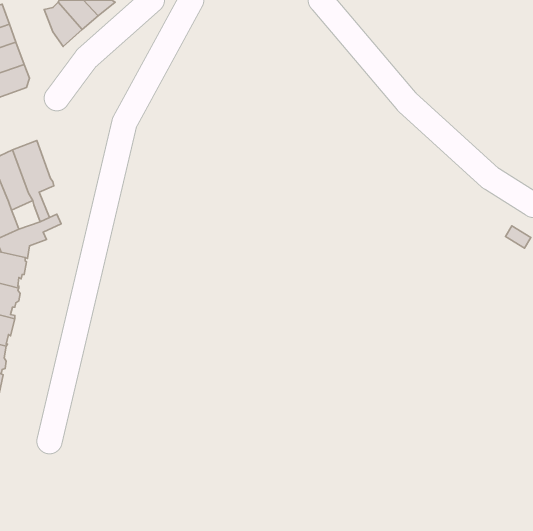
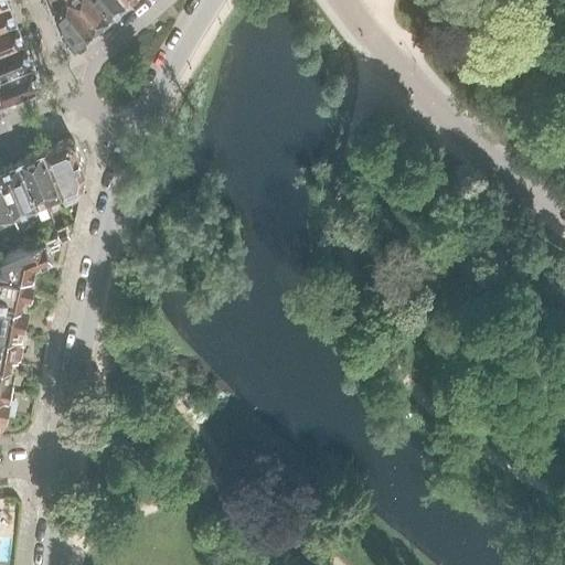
building: none -> [39,147,78,199]

